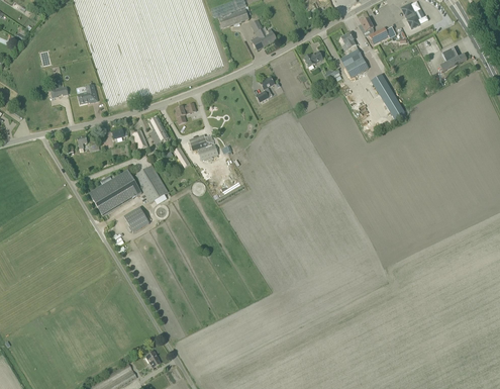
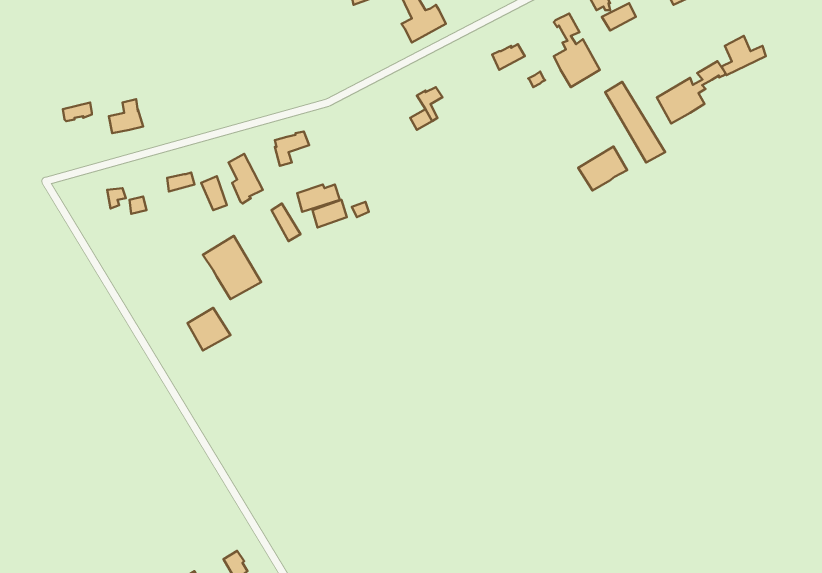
building: none -> [657,61,725,124]
building: none -> [578,147,627,190]
building: [89,170,141,216] -> none

